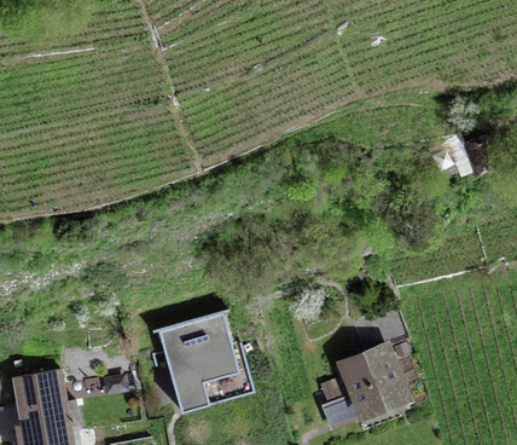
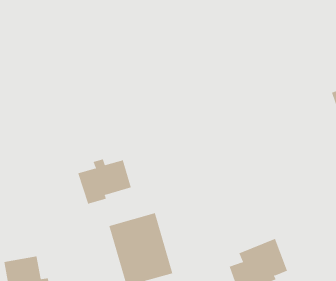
building: none -> [77,159,131,204]

